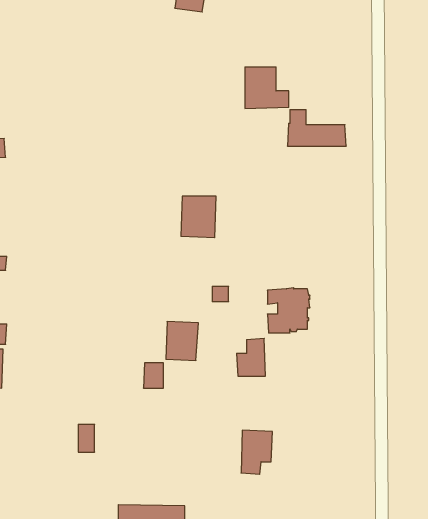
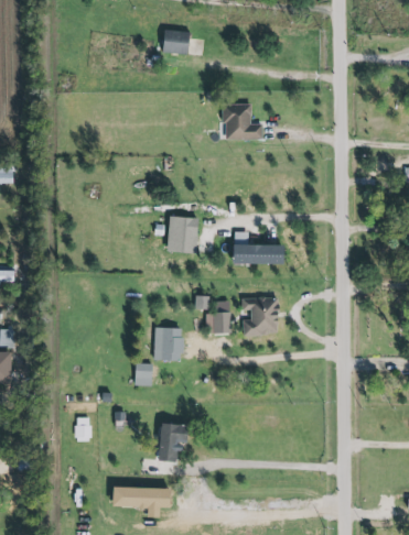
building: [287,110,346,146] -> [234,232,286,264]
building: [237,338,265,376] -> [206,301,232,334]
building: [241,430,272,474] -> [159,424,186,462]

